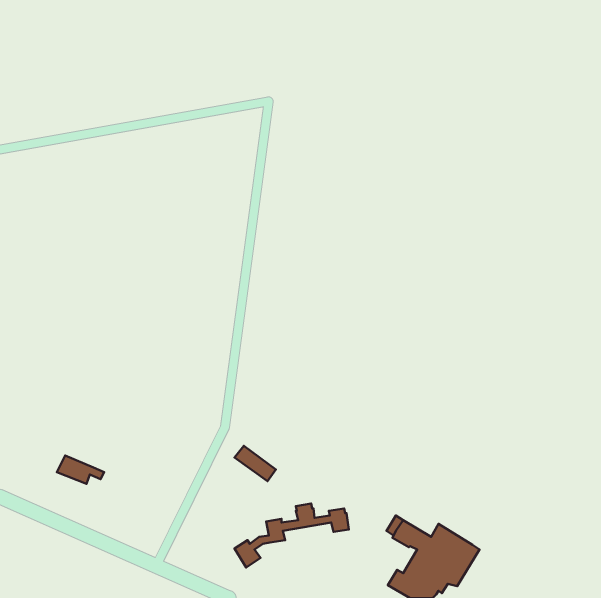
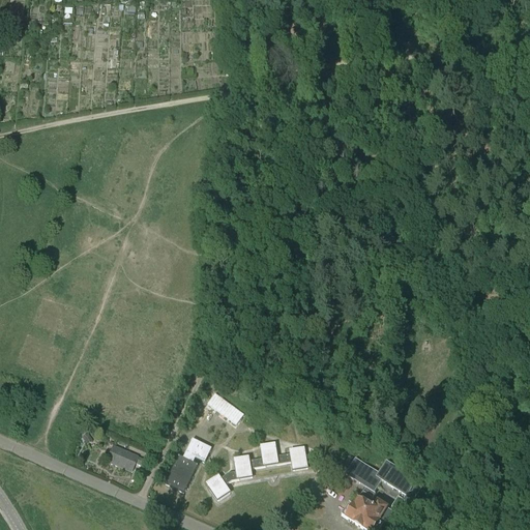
building: [57,456,104,484] -> [105,444,146,469]
building: none -> [164,437,210,491]

